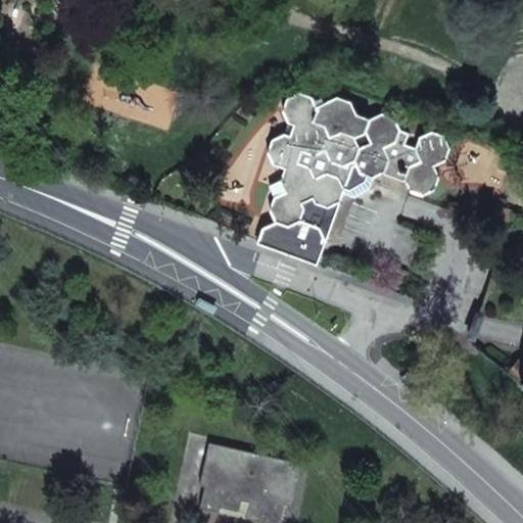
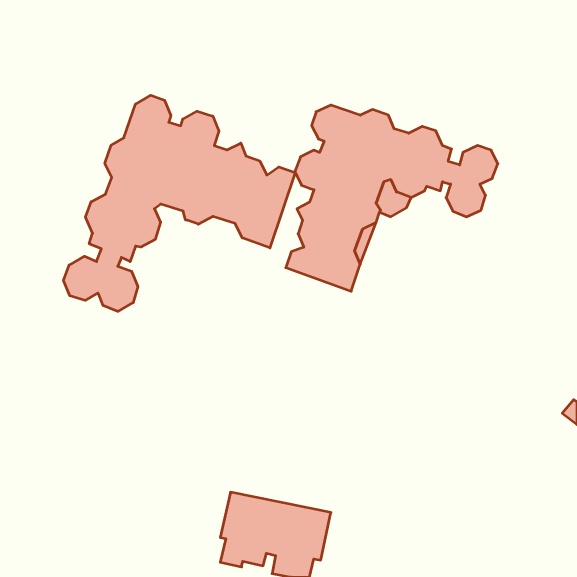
building: none -> [64,95,295,311]

